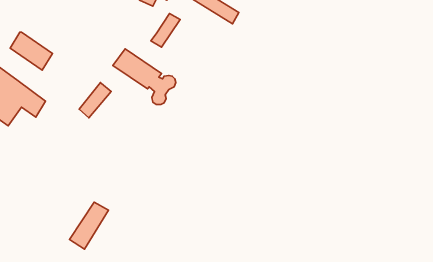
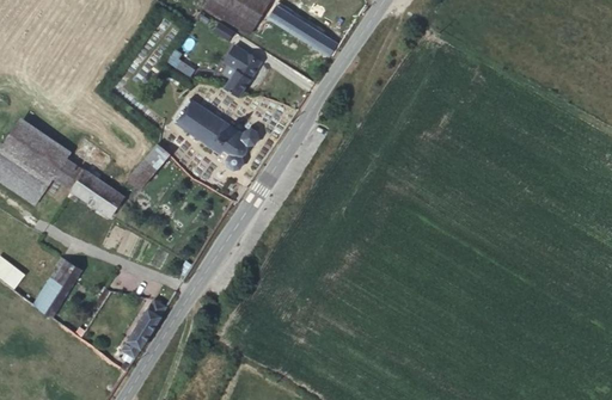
building: none -> [222,41,250,78]
building: [10,32,53,70] -> [69,168,127,220]
building: none -> [32,257,87,318]

